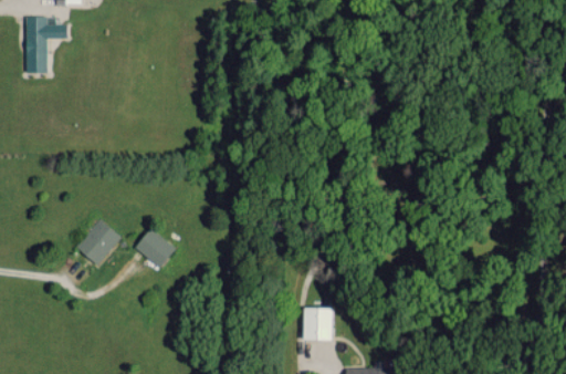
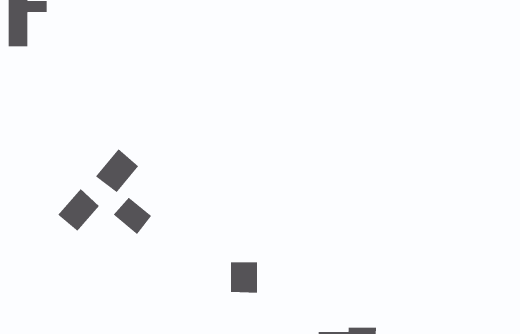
building: none -> [95,148,139,193]
building: [304,308,333,341] -> [230,261,258,294]

